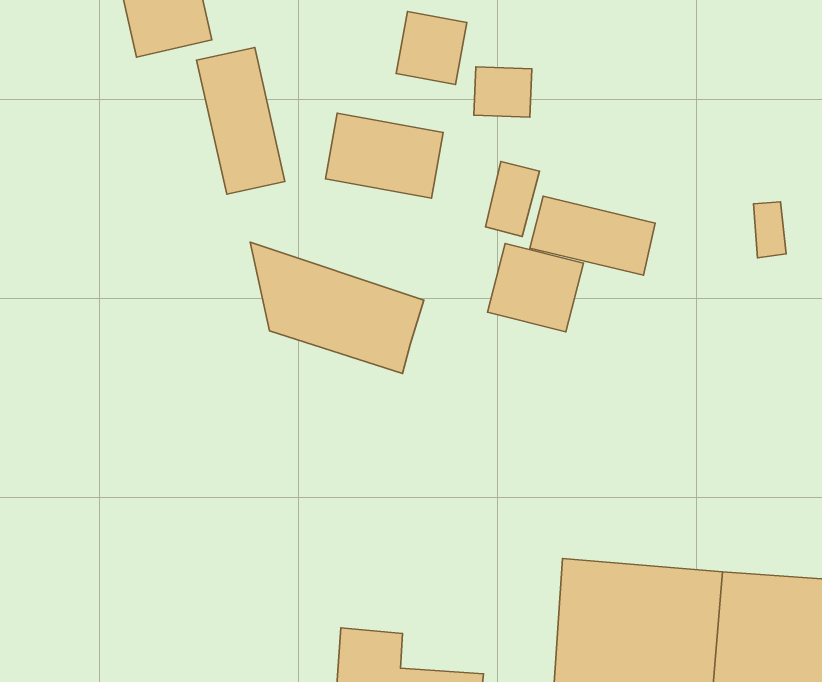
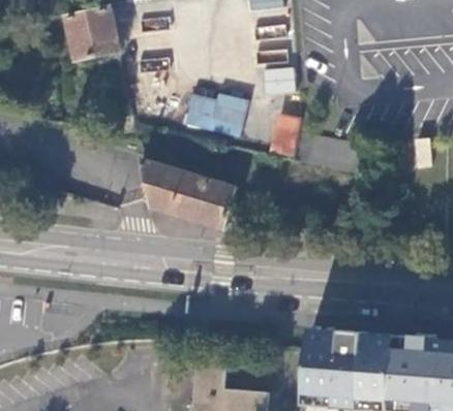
building: [396,11,467,85] -> none
building: [197,47,285,194] -> none
building: [487,244,583,332] -> none

